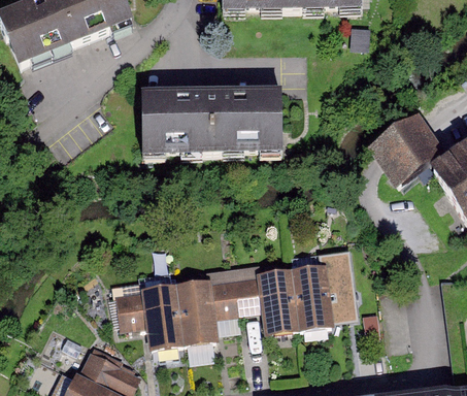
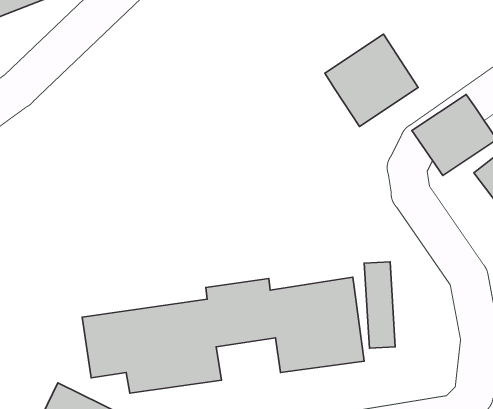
building: none -> [325,34,418,127]
building: [140,92,277,158] -> none

